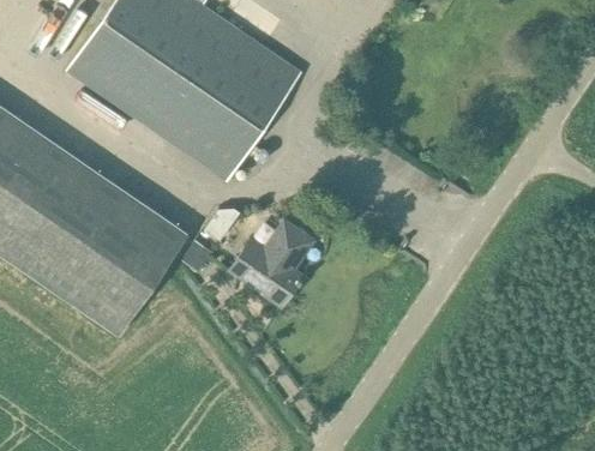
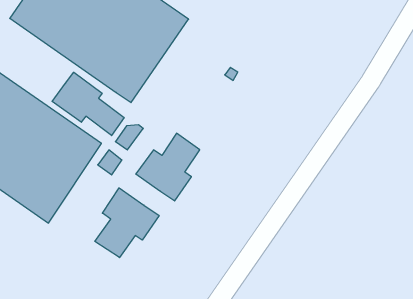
building: none -> [52,72,124,136]
building: none -> [95,188,159,258]

